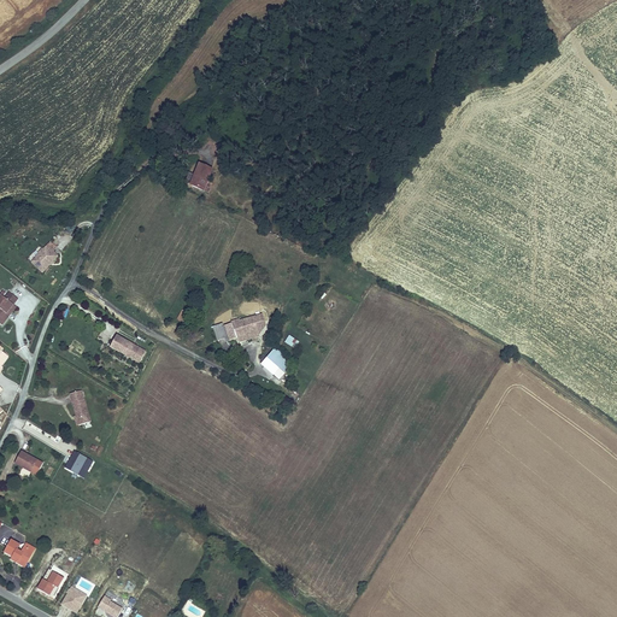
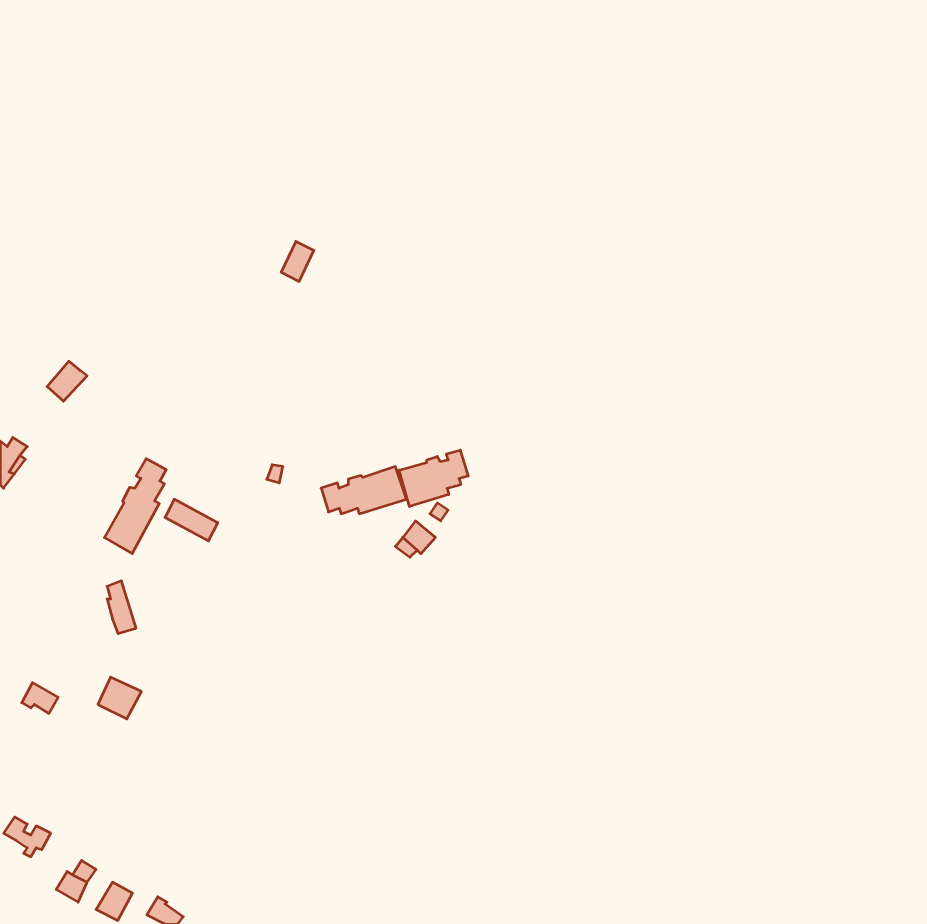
building: none -> [399,450,468,507]
building: none -> [104,459,166,554]

